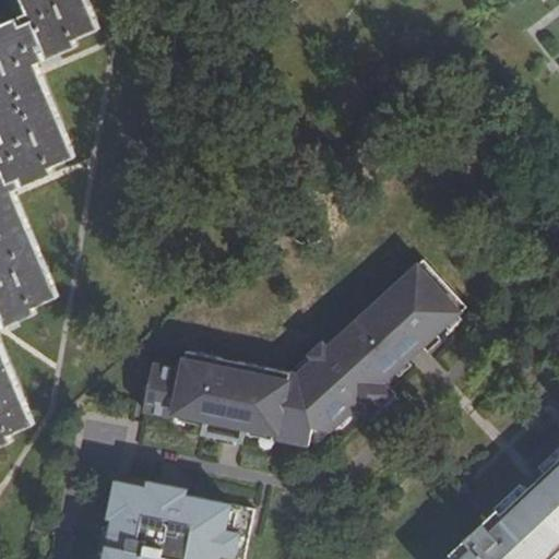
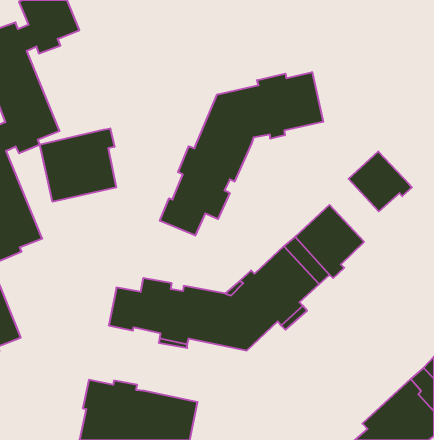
building: none -> [160,72,323,236]
building: none -> [40,128,116,202]
building: none -> [349,151,412,211]

